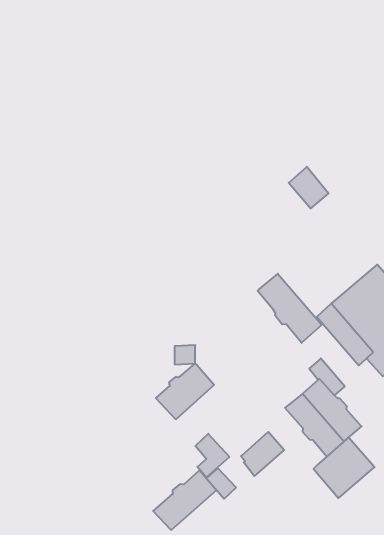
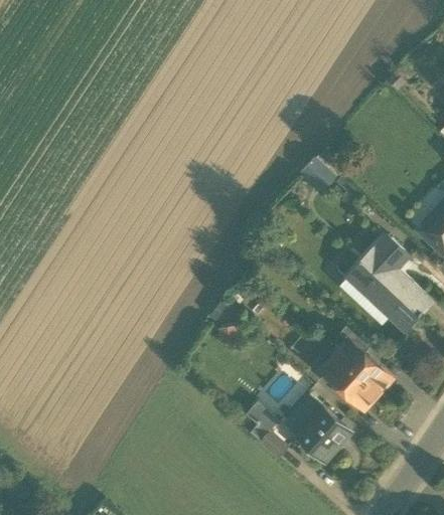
building: [258,274,322,343] -> none
building: [156,363,214,419] -> none
building: [314,438,375,498] -> [299,408,352,463]
building: [153,470,217,530] -> none

